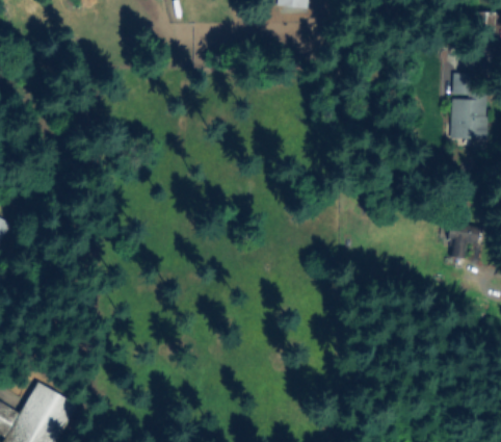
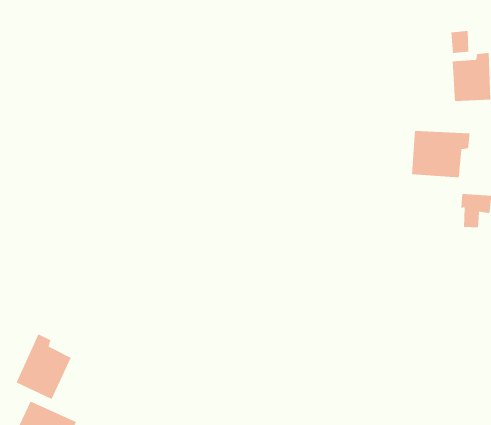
building: none -> [412,130,470,178]
building: none -> [16,333,72,400]

